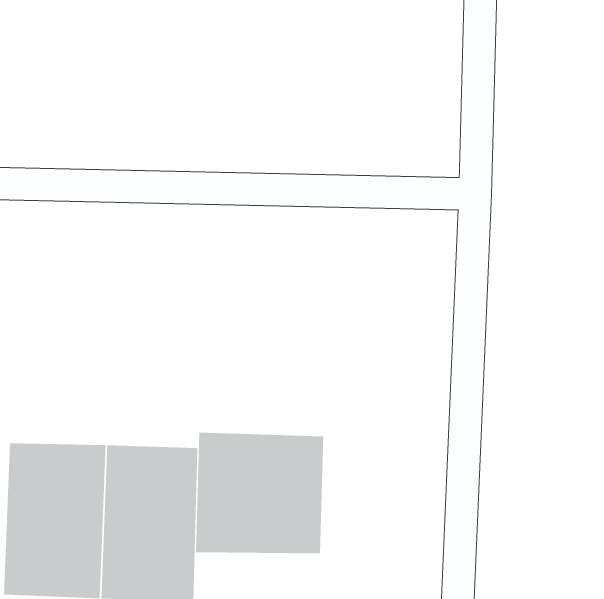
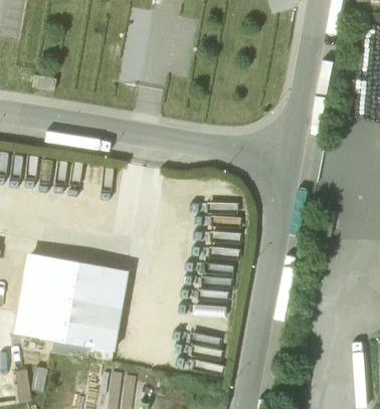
building: [195,432,324,554] -> none

